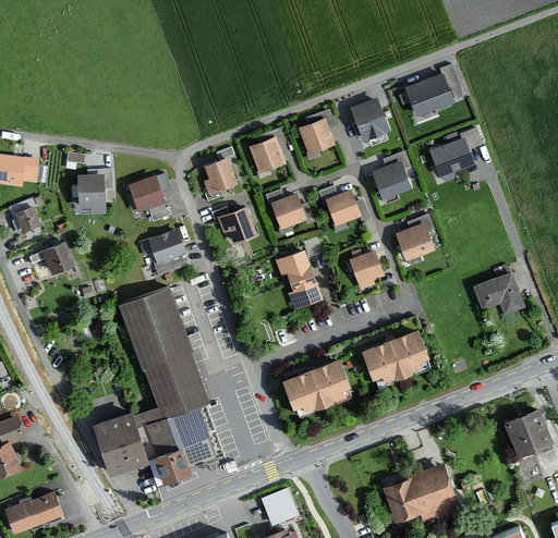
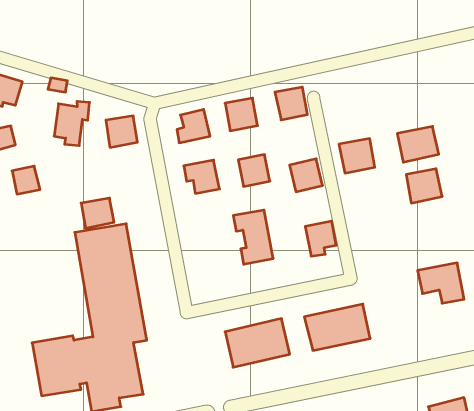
building: [405,72,456,117] -> none
building: [350,98,389,142] -> none
building: [396,222,436,261] -> [406,169,442,203]
building: [147,230,184,265] -> [81,198,114,228]

